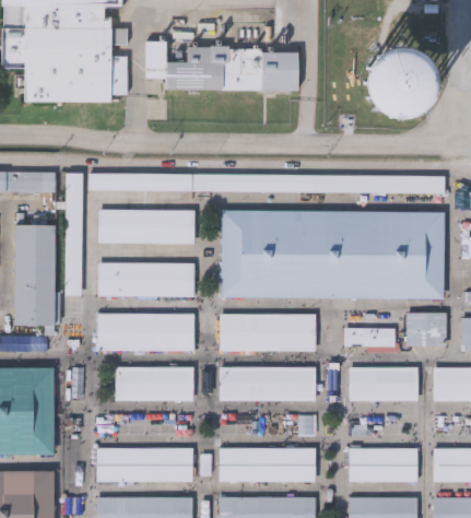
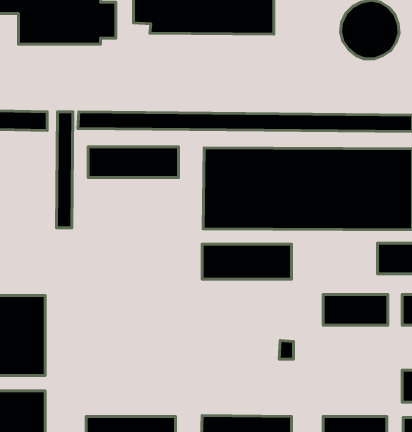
building: [13,226,54,327] -> none
building: [97,263,193,296] -> none
building: [96,314,193,351] -> none
building: [344,328,396,345] -> none
building: [219,366,315,400] -> none
building: [115,367,192,400] -> none
building: [219,447,315,481] -> none
building: [349,447,416,482] -> none
building: [95,448,191,481] -> none

